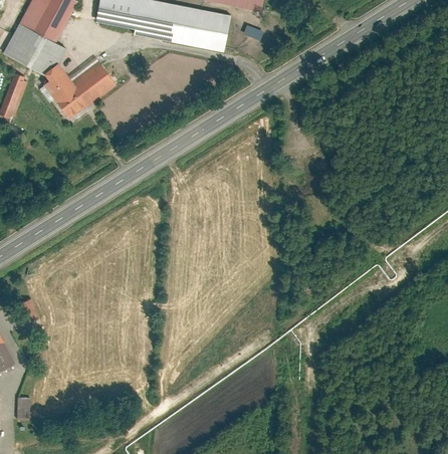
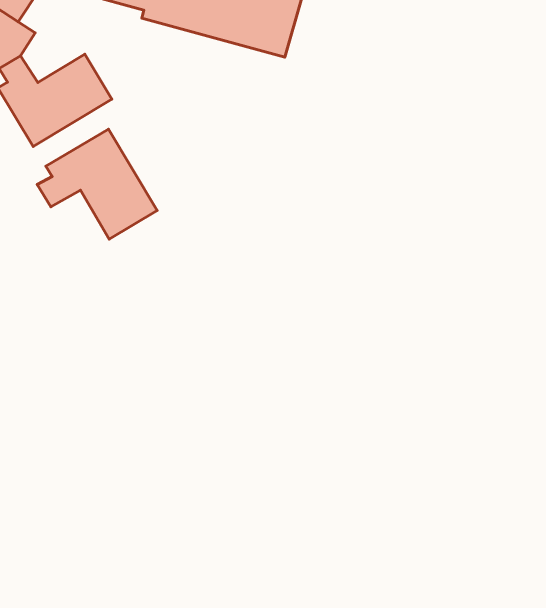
building: none -> [37,129,157,239]

